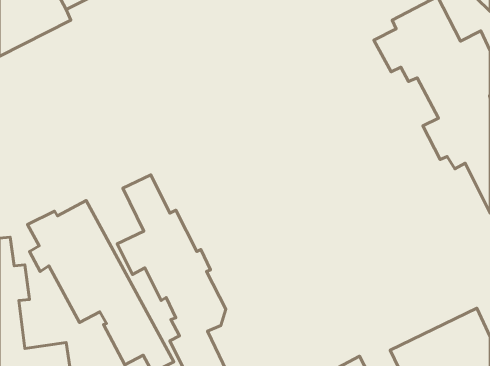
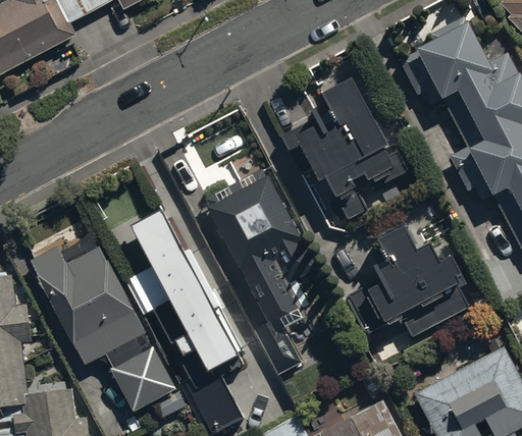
building: none -> [280,68,411,232]
building: none -> [203,167,317,372]
building: none -> [346,217,467,333]

